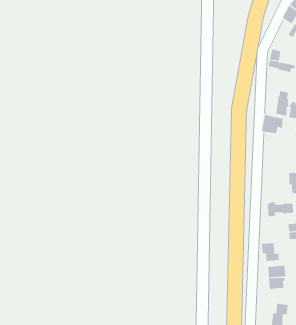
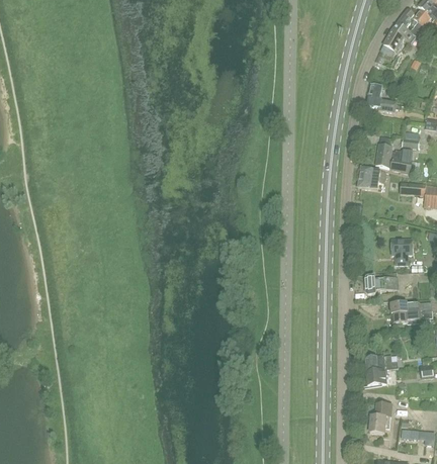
building: [262,242,279,262] -> none

